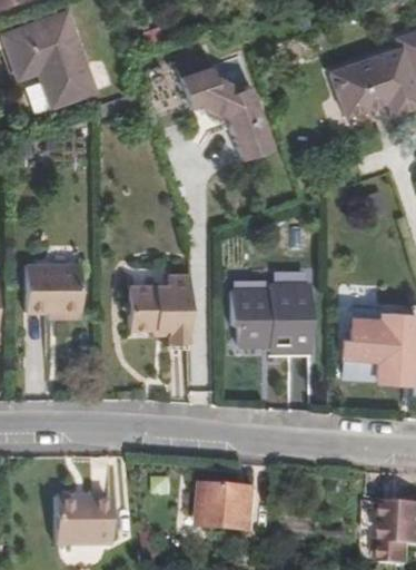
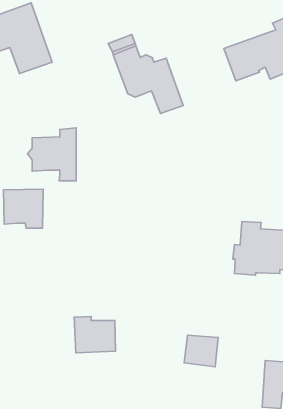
building: [125,273,191,345] -> [27,128,76,181]
building: [231,286,313,351] -> none
building: [210,485,257,529] -> [184,335,218,367]
building: [50,497,107,547] -> [74,316,116,353]

